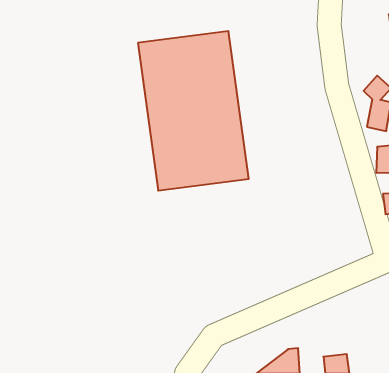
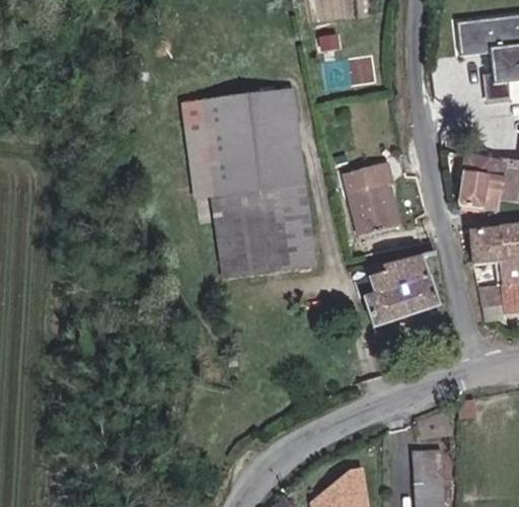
building: none -> [347,158,403,233]
building: none -> [358,258,442,329]
building: none -> [404,448,437,482]

